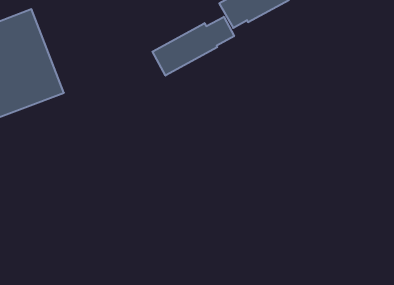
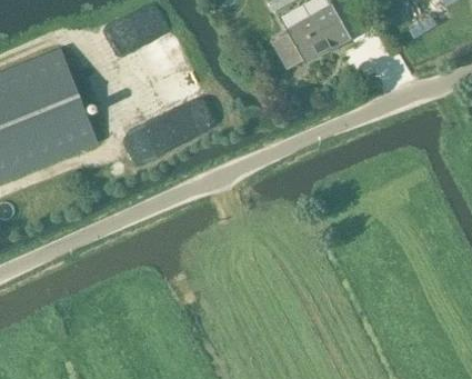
building: [152,17,234,76] -> none

